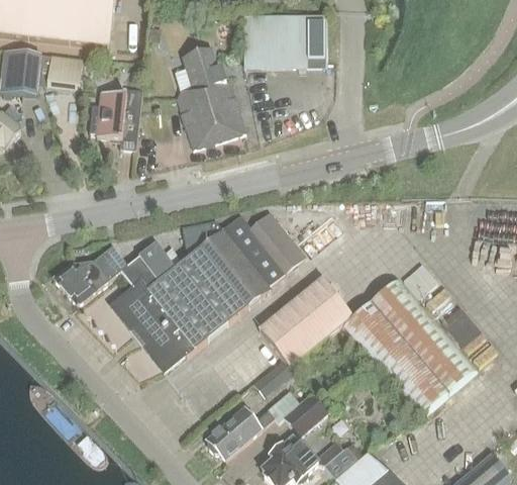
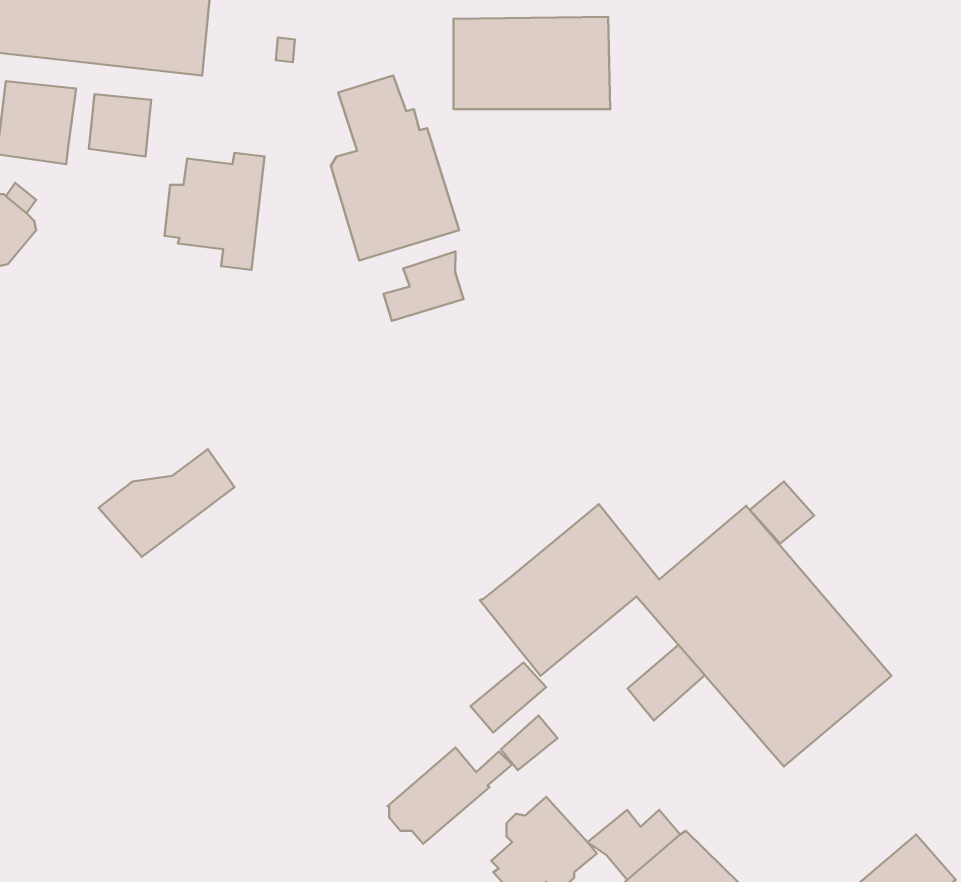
building: none -> [384,252,464,321]
building: [112,210,307,369] -> none
building: [285,396,326,437] -> [627,645,705,720]

